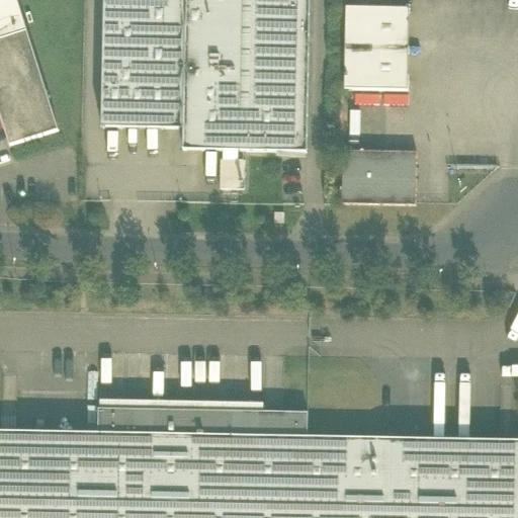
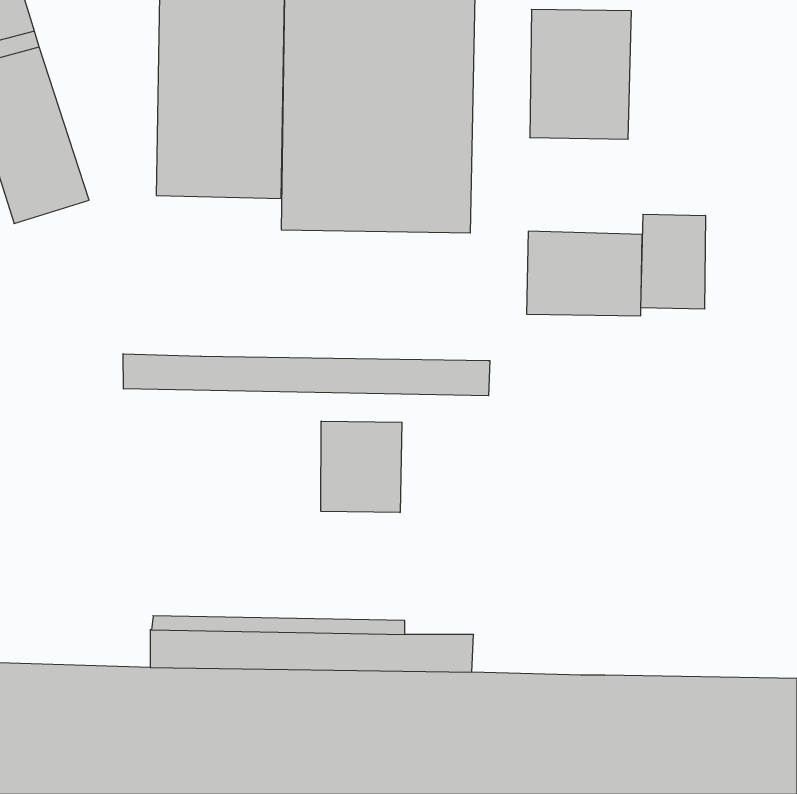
building: none -> [641,214,705,309]
building: none -> [123,354,490,396]
building: none -> [321,421,402,513]

